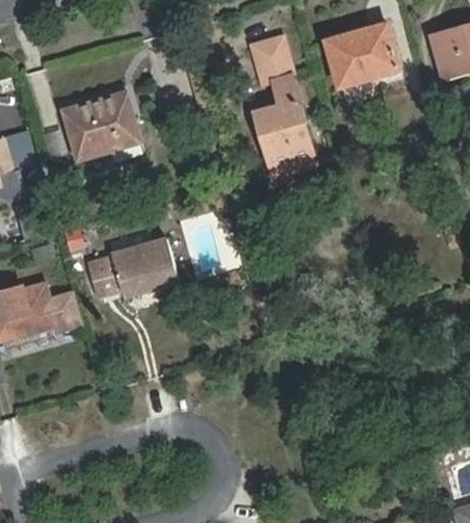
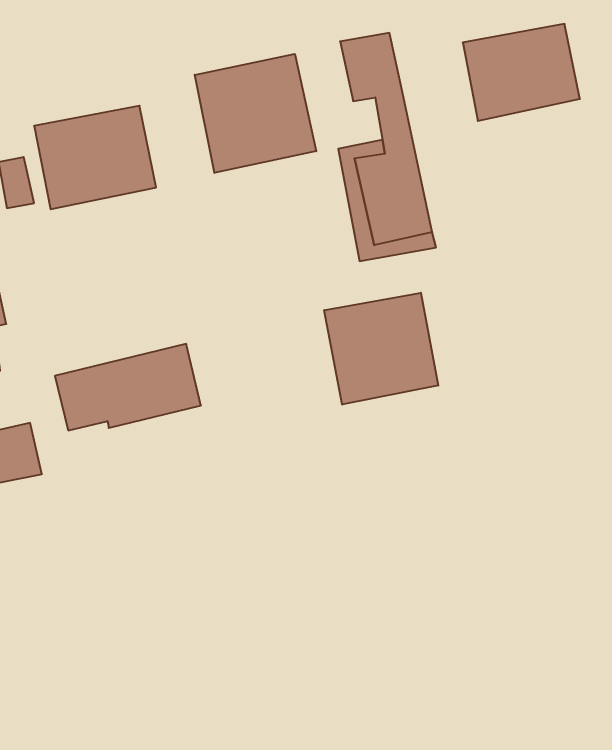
building: none -> [195,54,316,173]
building: none -> [324,293,438,405]

